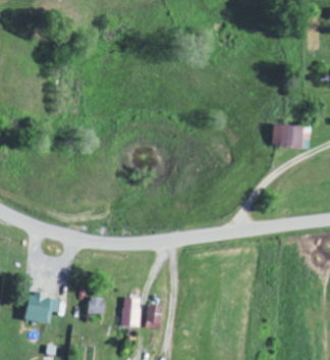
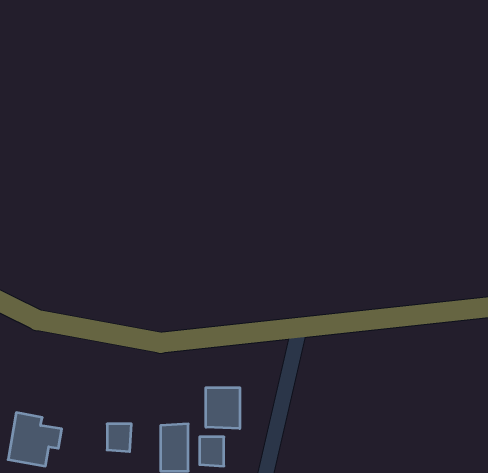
building: [273,123,304,147] -> none
building: none -> [206,388,240,429]

